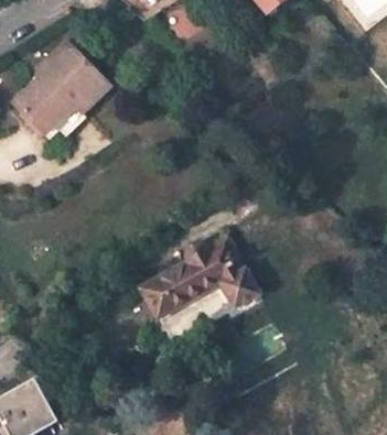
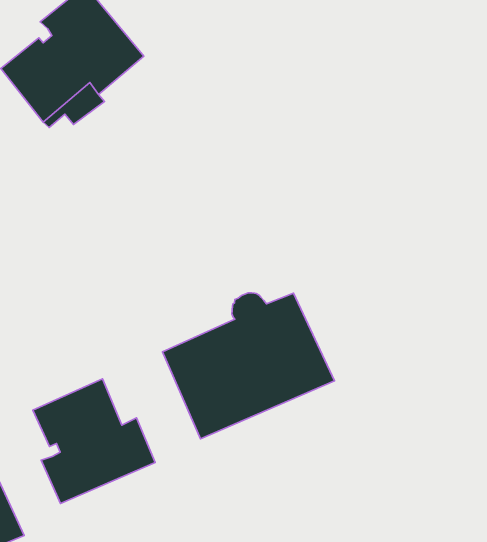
building: none -> [33,379,155,503]

